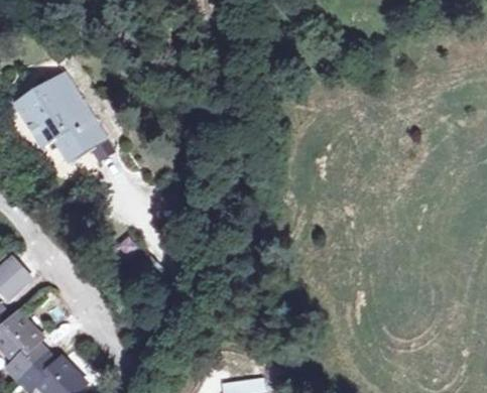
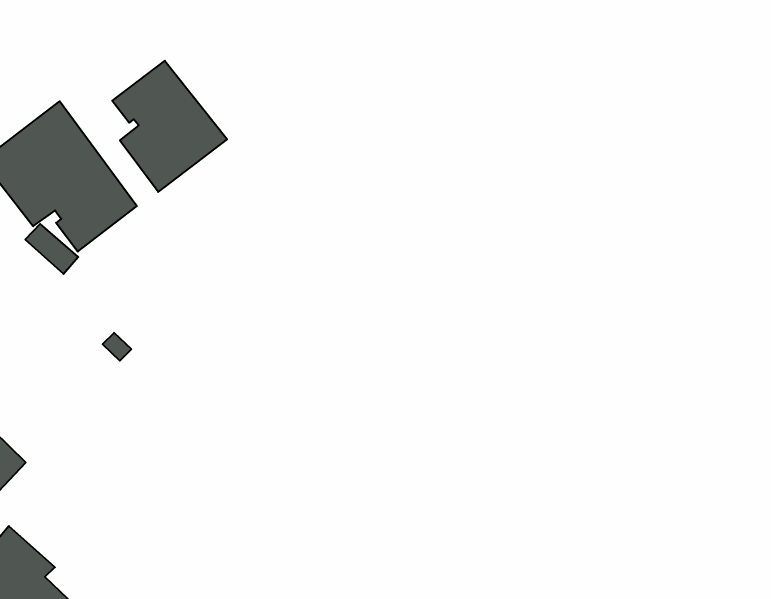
building: none -> [112,61,227,192]

